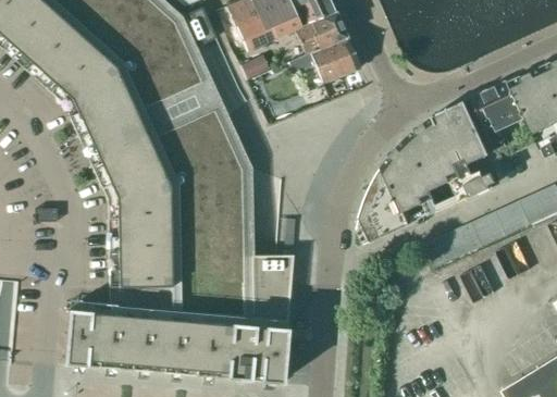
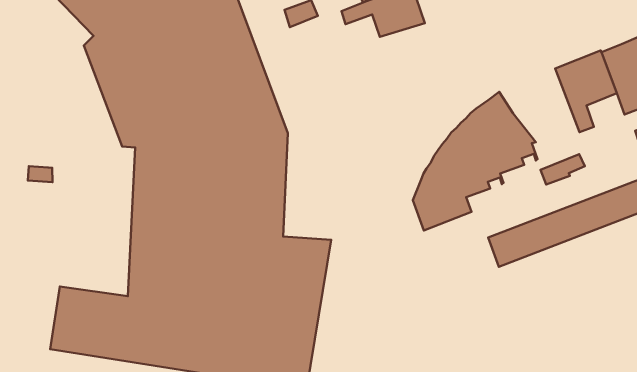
building: [424,102,488,165] -> none

